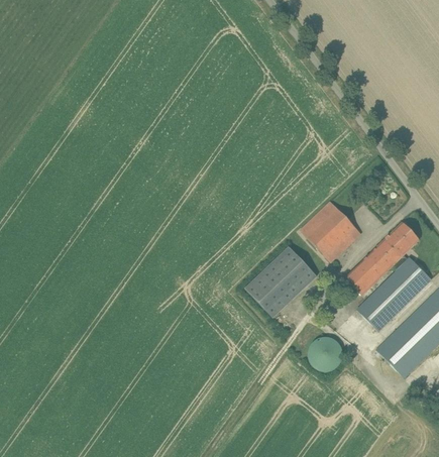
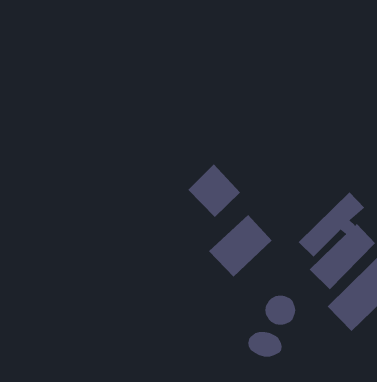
building: [301,202,360,262] -> [187,163,241,218]
building: none -> [248,331,283,357]

